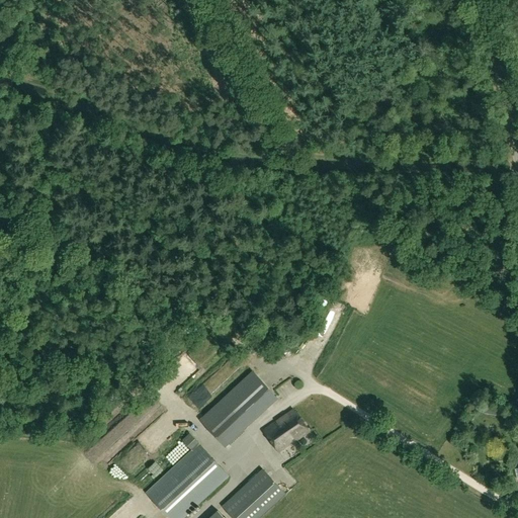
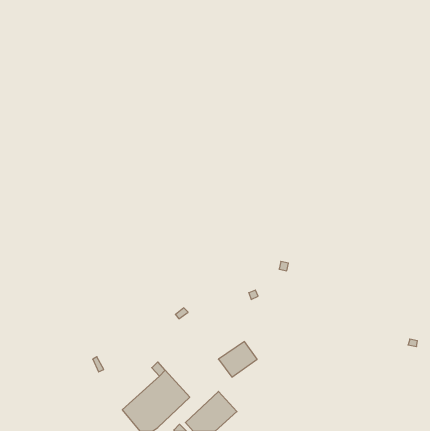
building: [199,371,275,446] -> none

